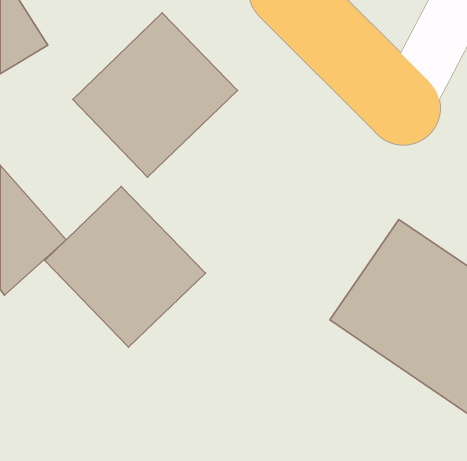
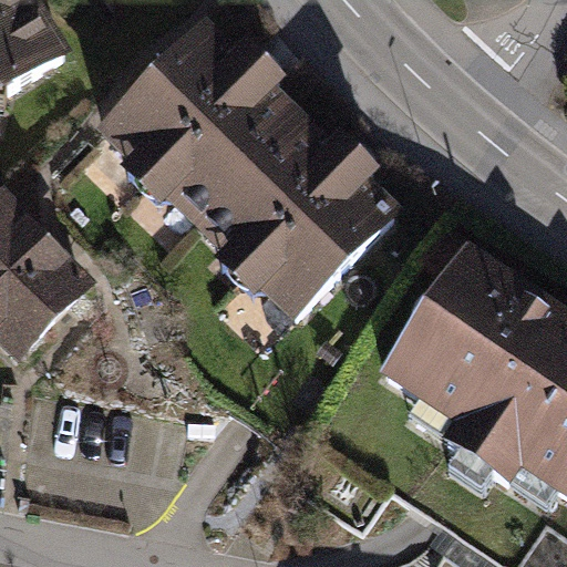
building: none -> [182,109,381,307]
building: [45,186,206,347] -> none

